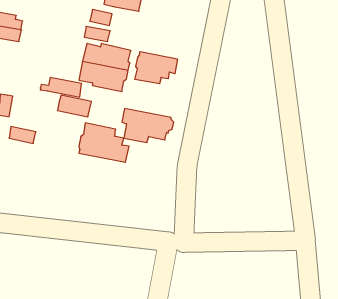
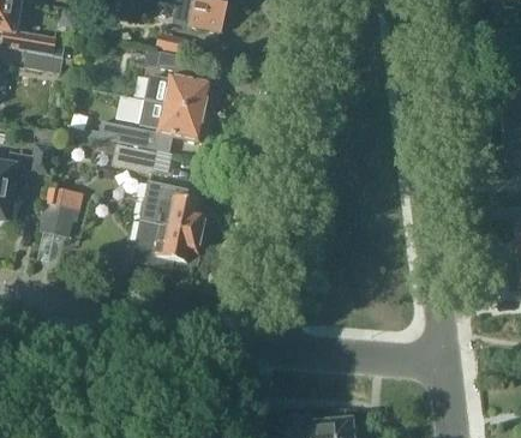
building: [135,52,177,84] -> none
building: [122,109,174,143] -> [137,222,206,268]
building: none -> [41,202,74,235]

